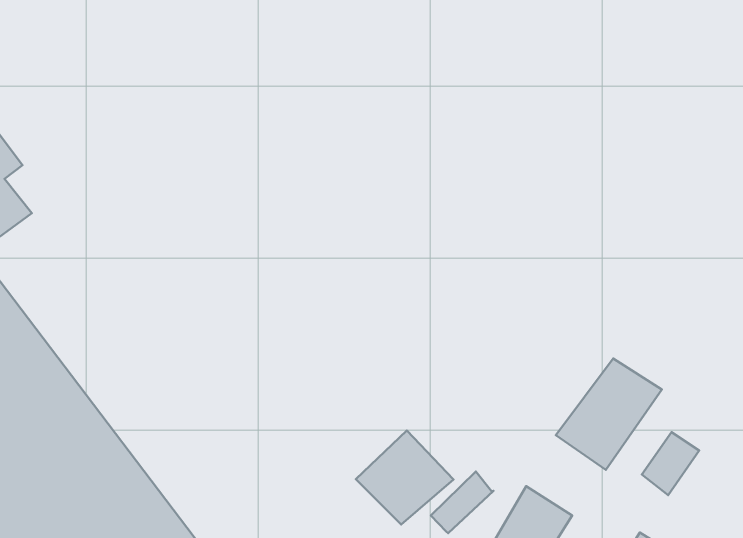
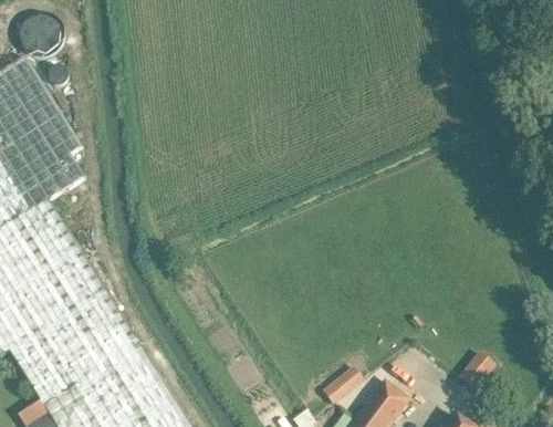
building: [556,359,662,470] -> none
building: [356,431,453,524] -> none

